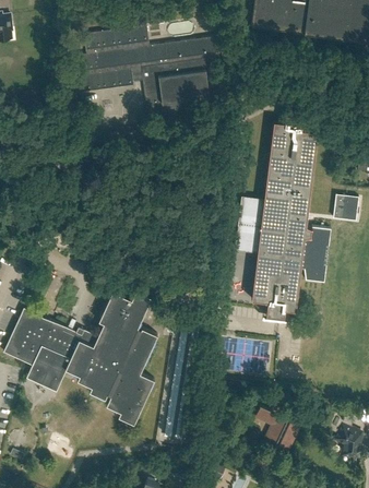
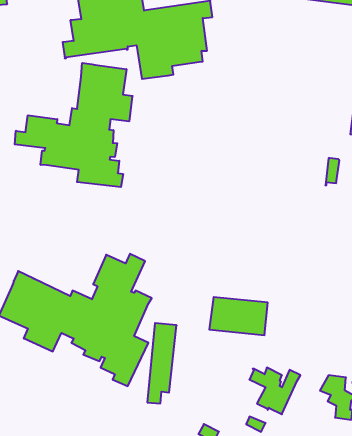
building: none -> [15,63,133,187]
building: [236,115,332,318] -> none

